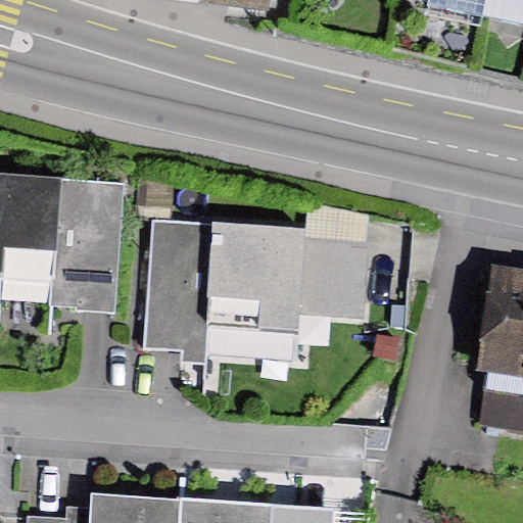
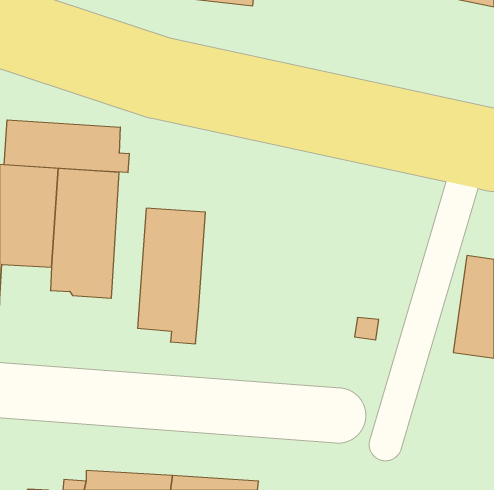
building: none -> [4,120,129,173]
building: [209,224,367,334] -> none

